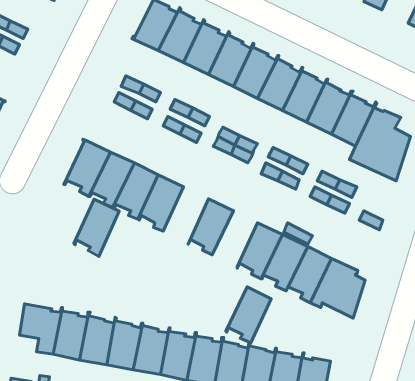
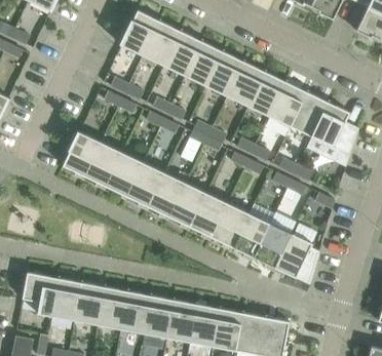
building: [74,199,119,257] -> [146,171,185,221]
building: [226,287,271,343] -> [188,192,227,240]

